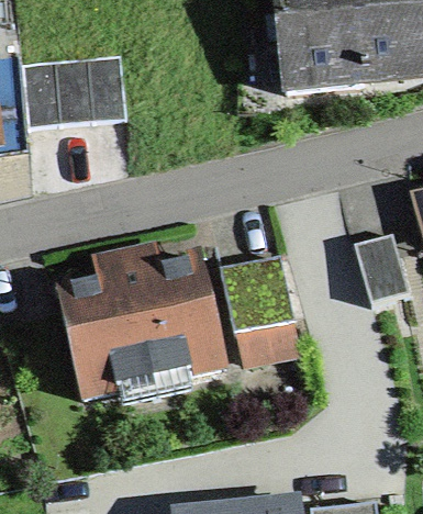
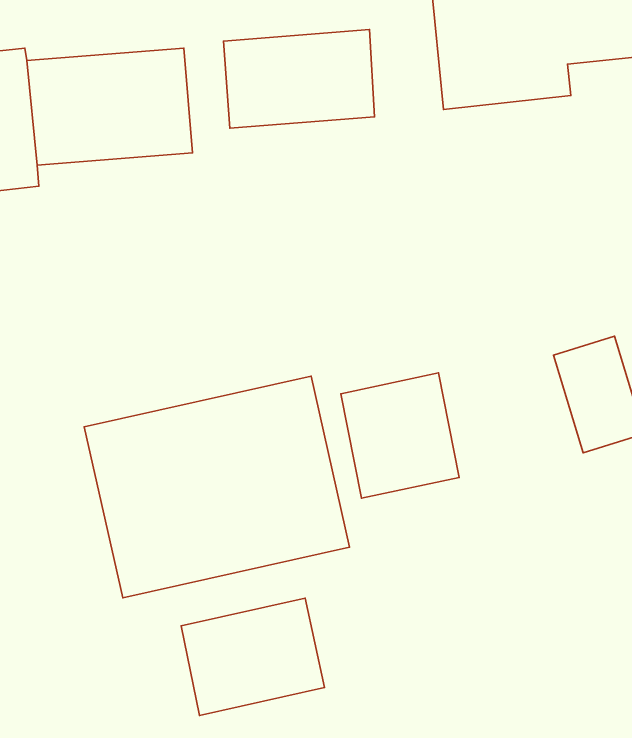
building: none -> [224,30,374,128]
building: none -> [181,598,325,715]

